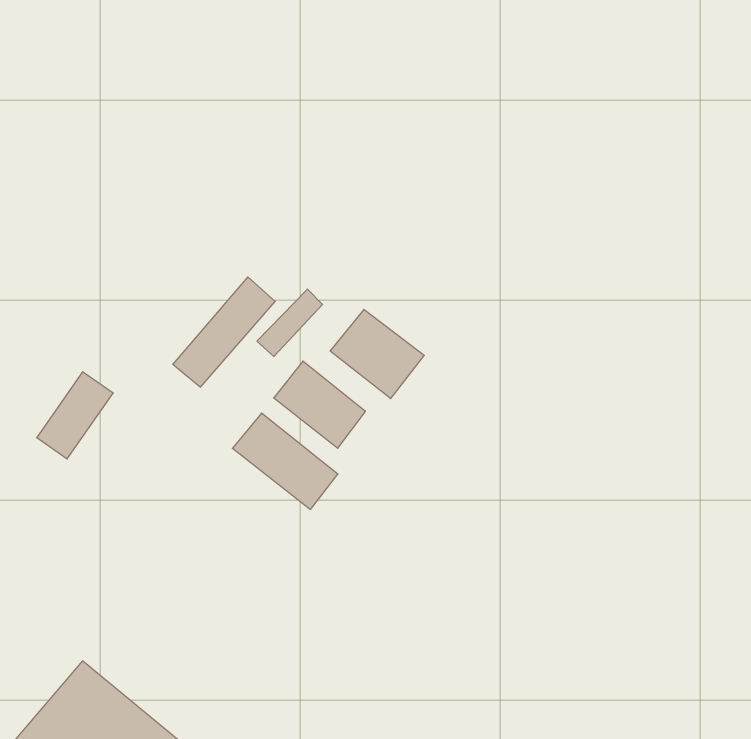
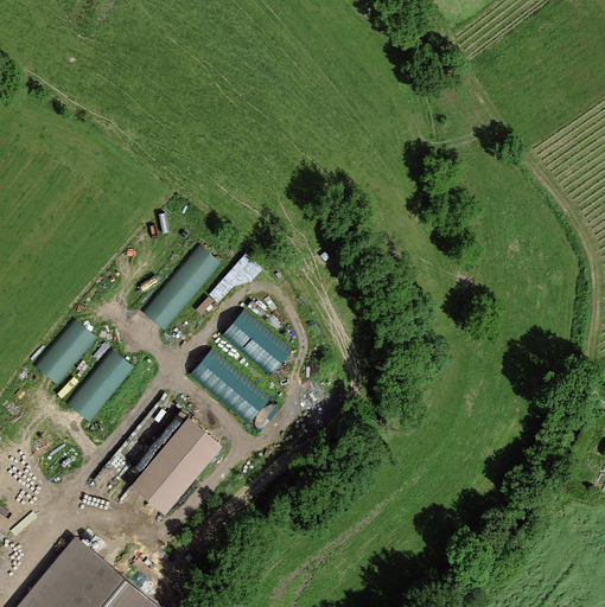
building: [330,309,424,399] -> none
building: none -> [69,347,135,421]
building: none -> [129,416,222,515]

